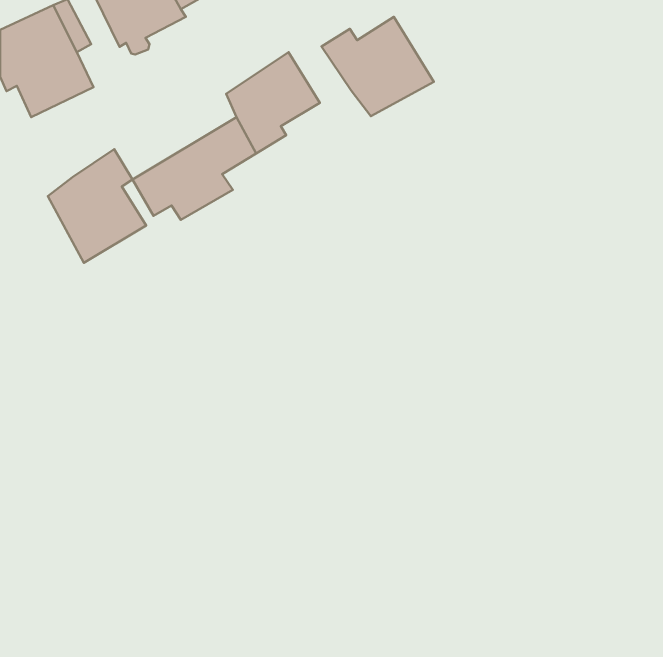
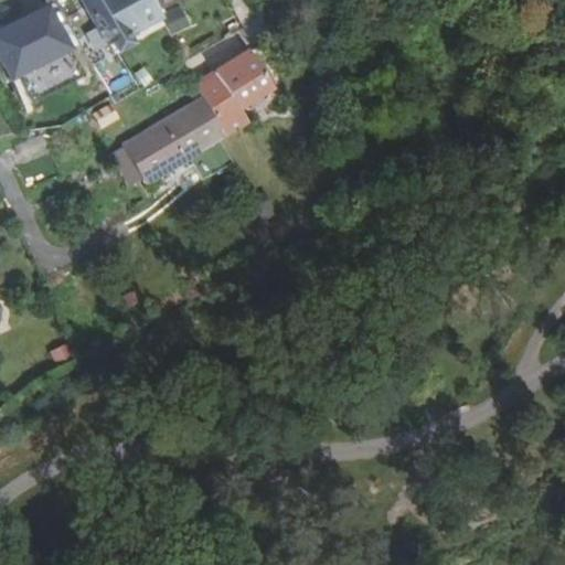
building: [322,17,434,116] -> none
building: [48,149,146,263] -> none

